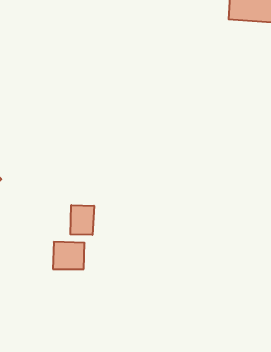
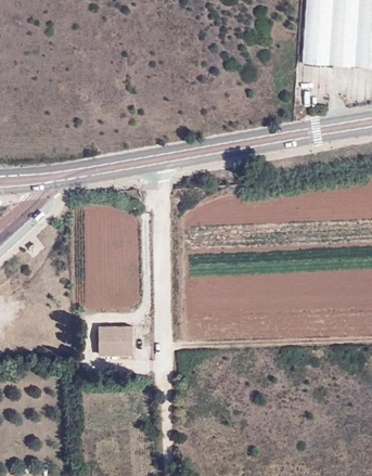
building: [70,205,94,235] -> none

